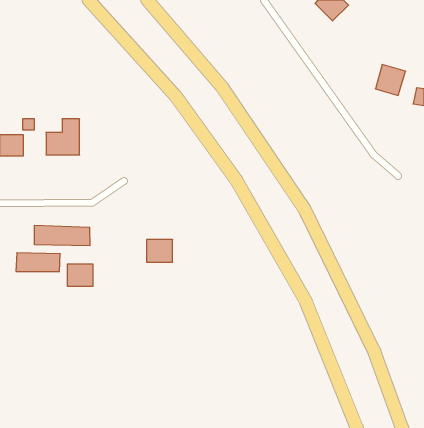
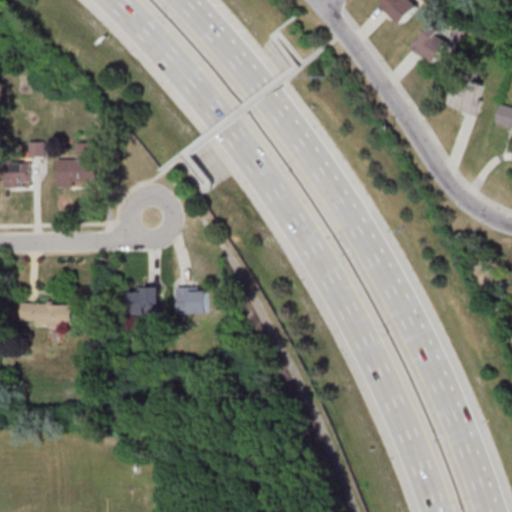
building: none -> [409,23,449,63]
building: [34,225,90,246] -> none
building: [67,264,93,286] -> [126,288,157,314]

